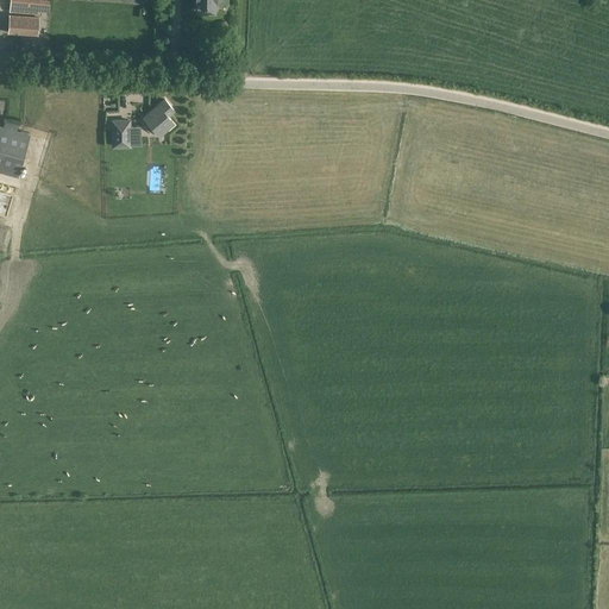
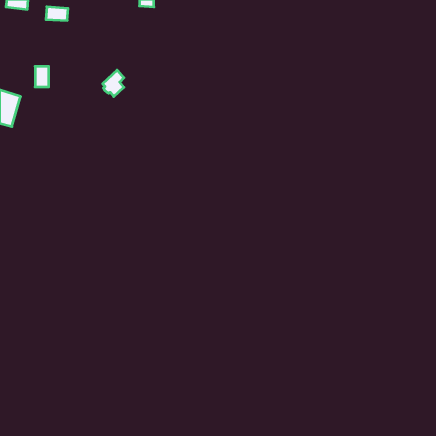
building: [7,14,38,33] -> [46,7,68,20]
building: [111,118,130,146] -> [35,66,49,87]

